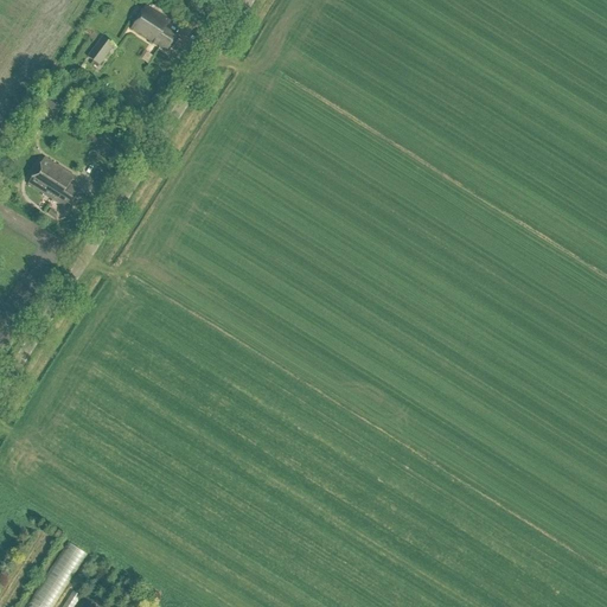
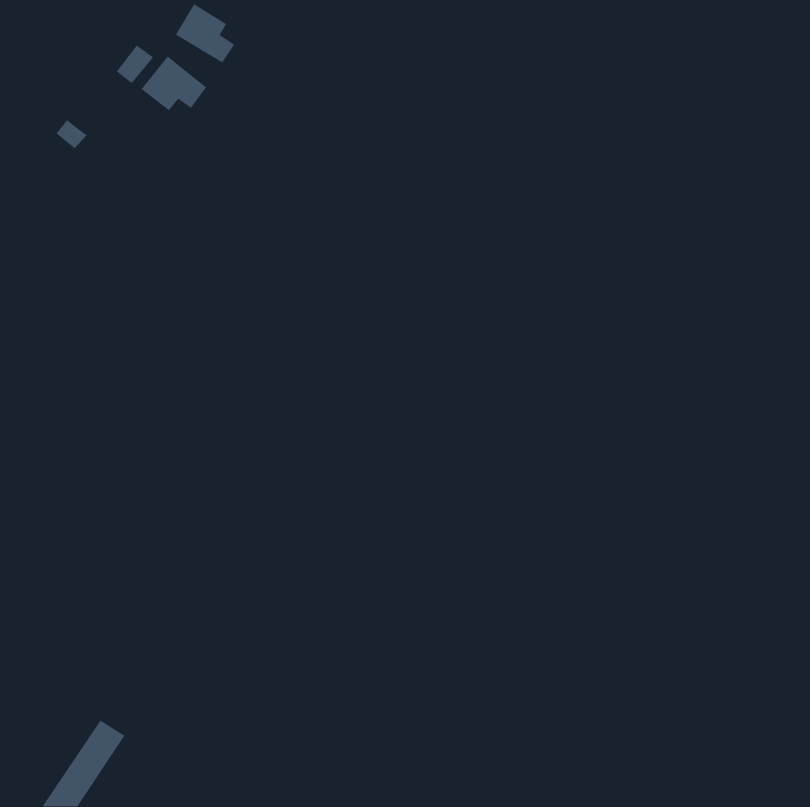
building: none -> [141,56,207,111]
building: [27,155,79,206] -> none

